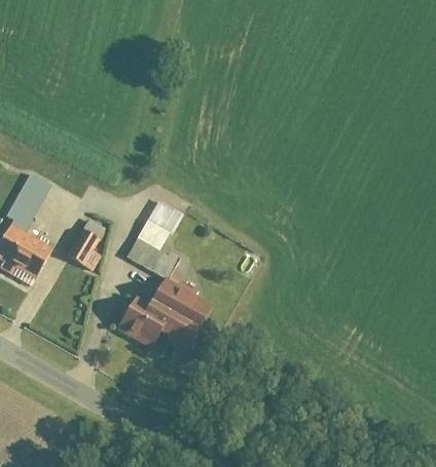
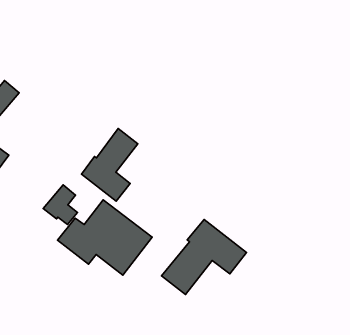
building: [68,226,104,266] -> [43,185,78,225]
building: none -> [162,220,246,294]

